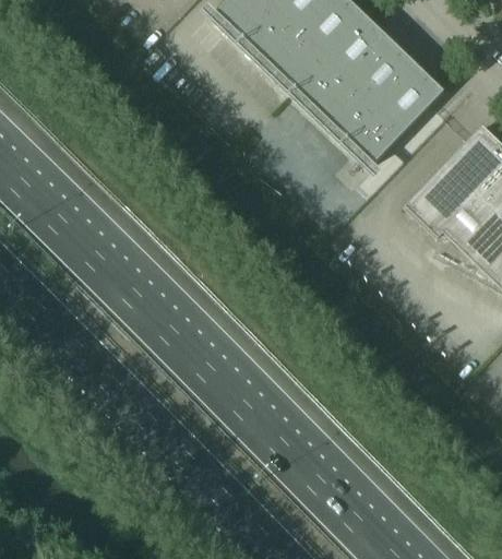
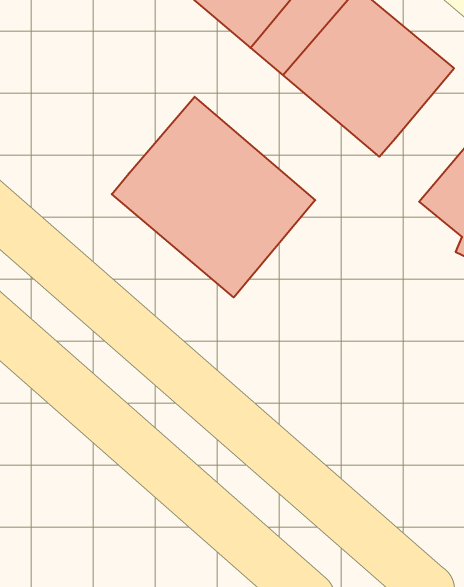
building: none -> [112,97,315,297]

